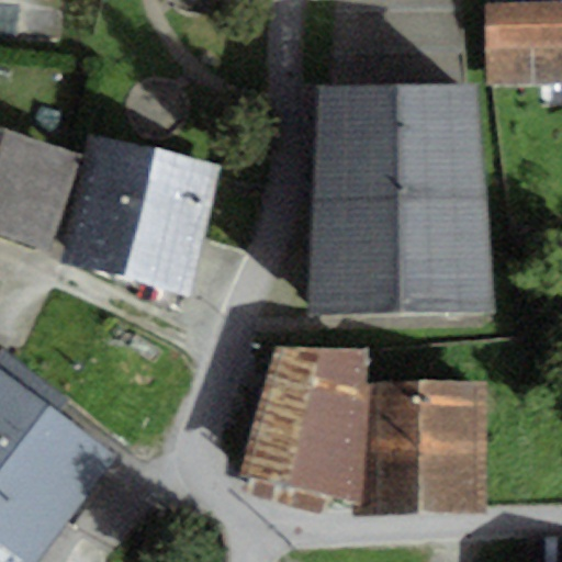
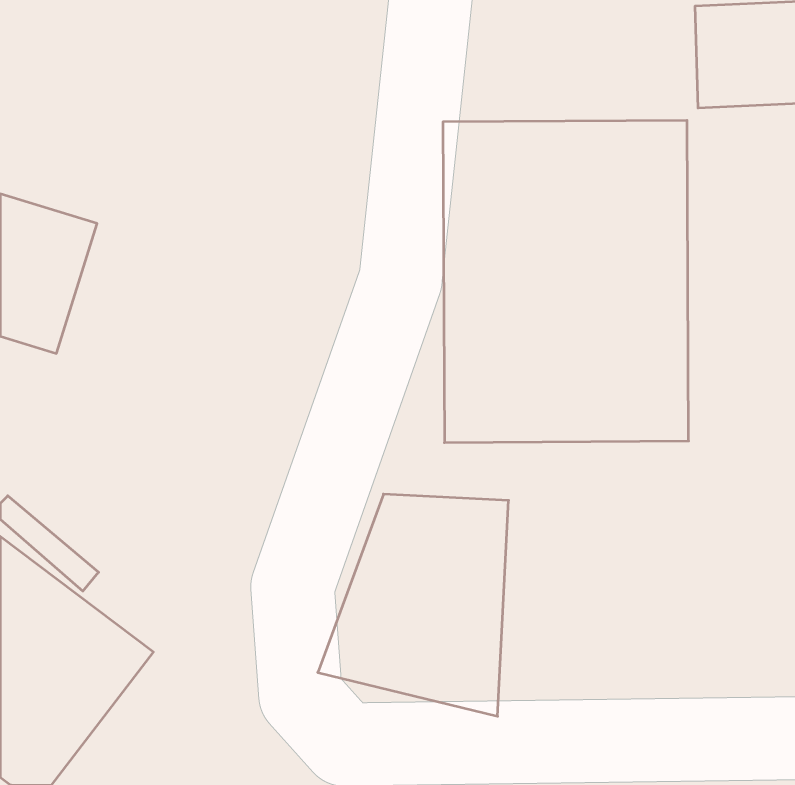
building: [56,135,220,300] -> none
building: [367,381,485,502] -> none

